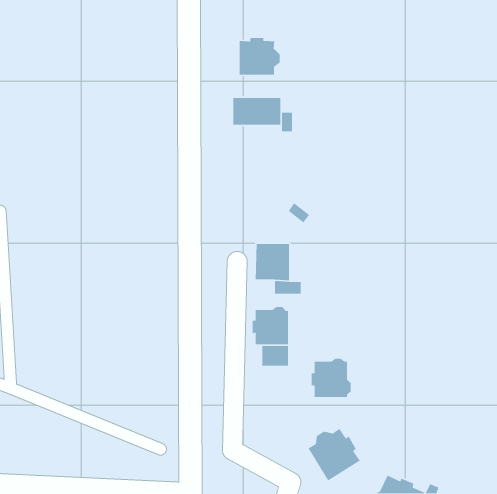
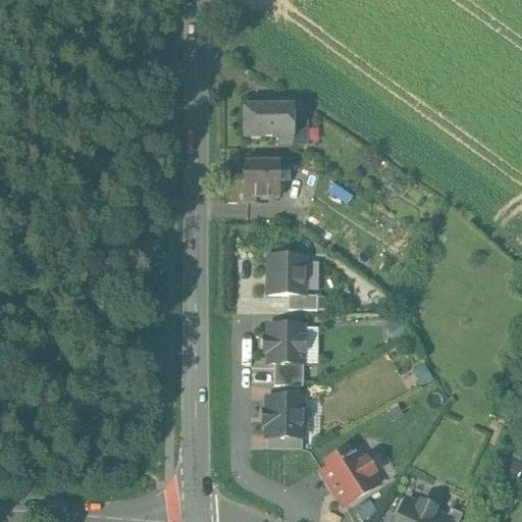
building: [239,37,280,76] -> none
building: none -> [245,158,281,199]
building: [311,358,352,398] -> [263,394,306,435]

